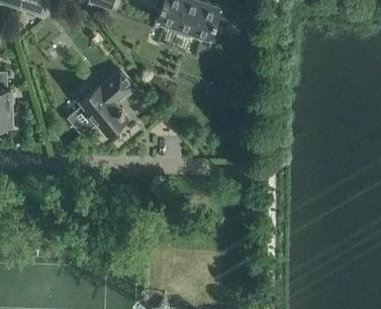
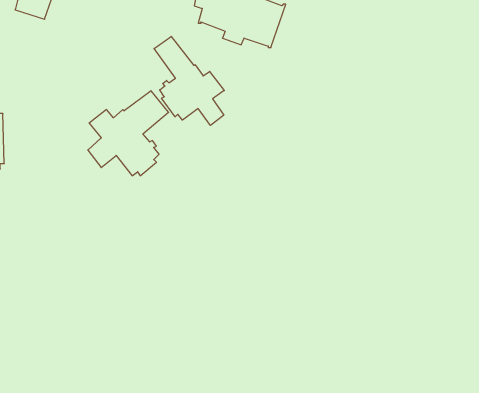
building: none -> [154,36,224,125]

